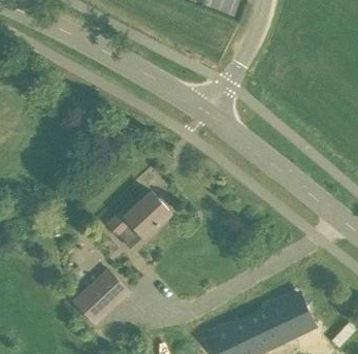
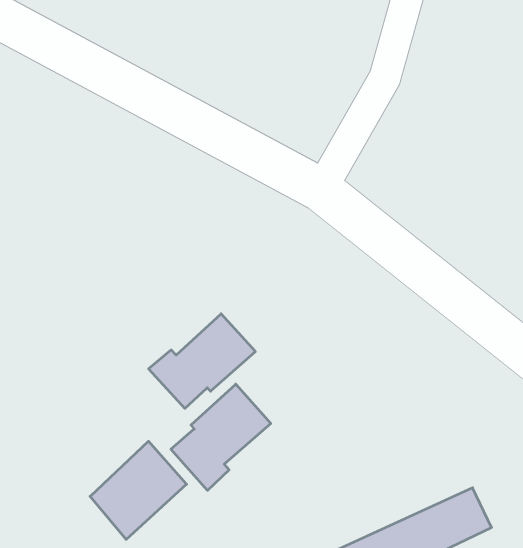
building: none -> [171,384,271,490]

